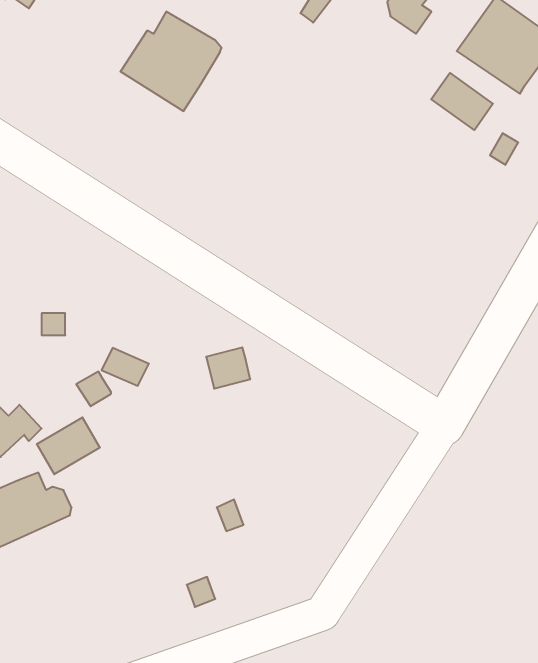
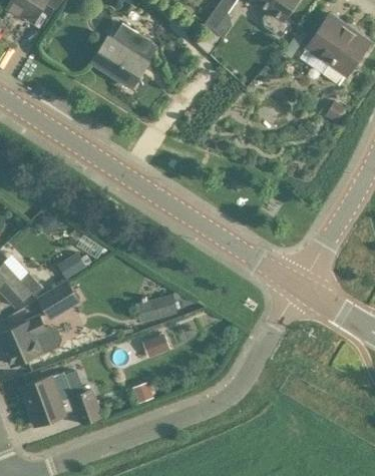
building: [431,73,493,130] -> none
building: [206,347,250,389] -> [149,294,177,320]
building: none -> [22,372,101,425]

